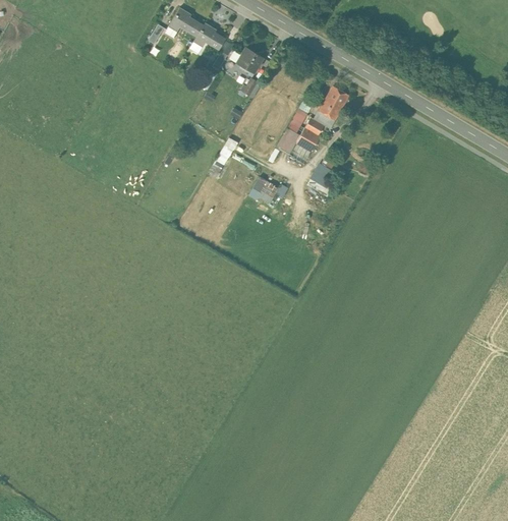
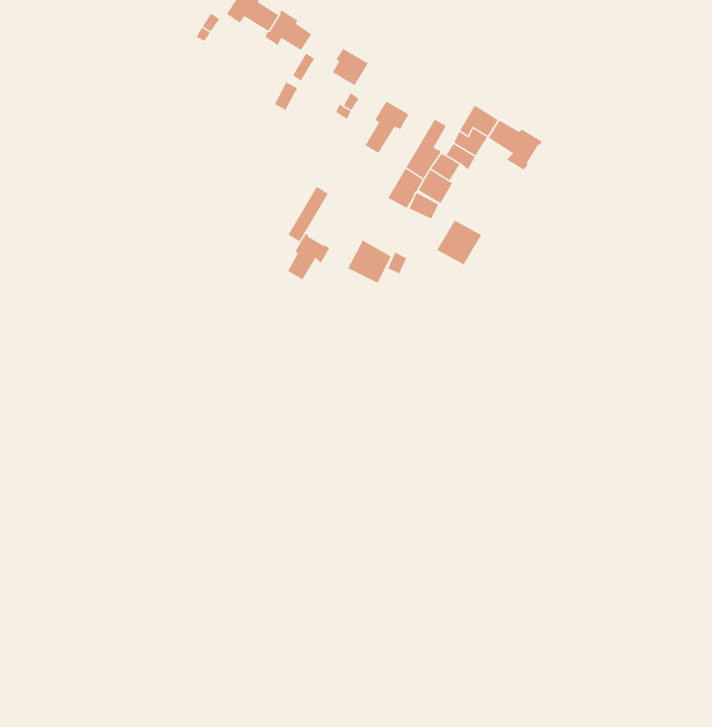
building: none -> [364,100,409,153]
building: none -> [488,120,543,170]
building: none -> [287,233,330,280]

